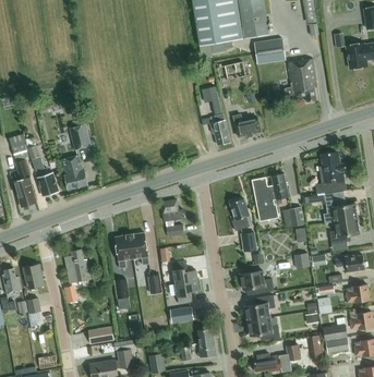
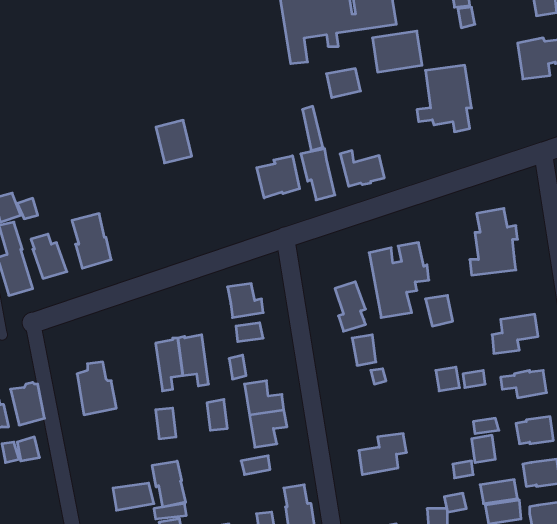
building: none -> [257,156,300,198]
building: [68,123,91,150] -> [156,120,192,163]
building: [324,192,357,222] -> none
building: [240,270,273,294] -> none
building: none -> [152,461,186,507]
building: [246,317,279,340] -> none

